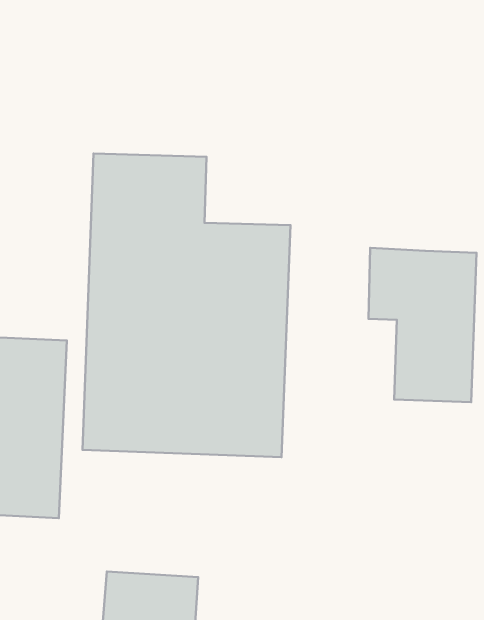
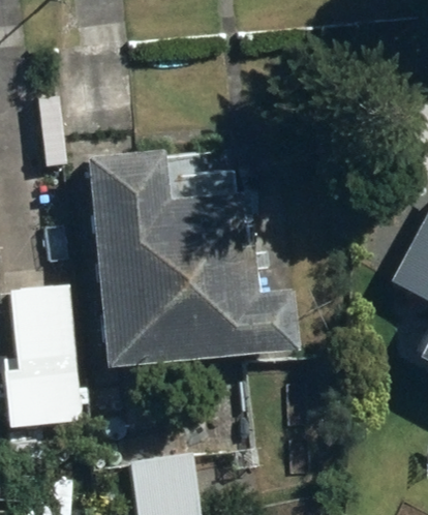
building: [369,248,477,402] -> none

